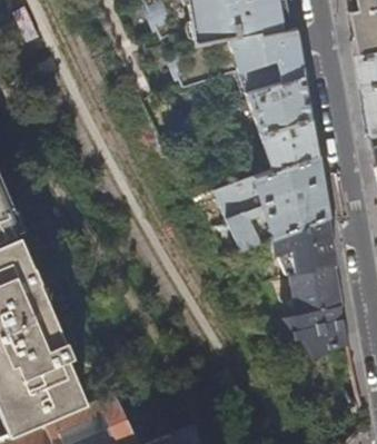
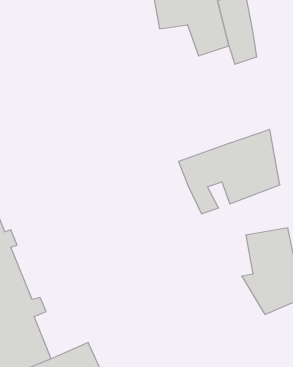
building: [241,61,320,169] -> none
building: [274,215,340,273] -> none

